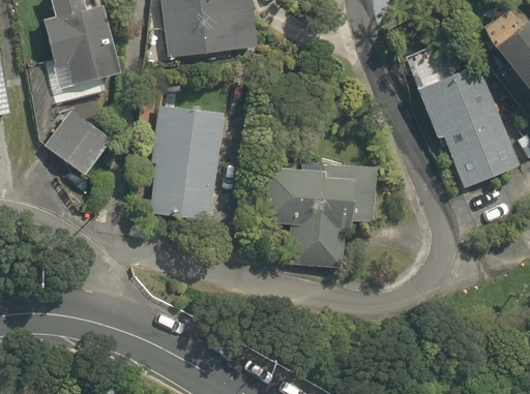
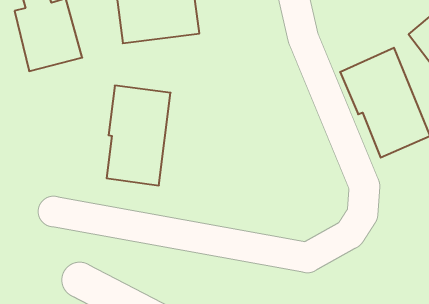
building: [46,110,112,175] -> none
building: [261,163,377,268] -> none

